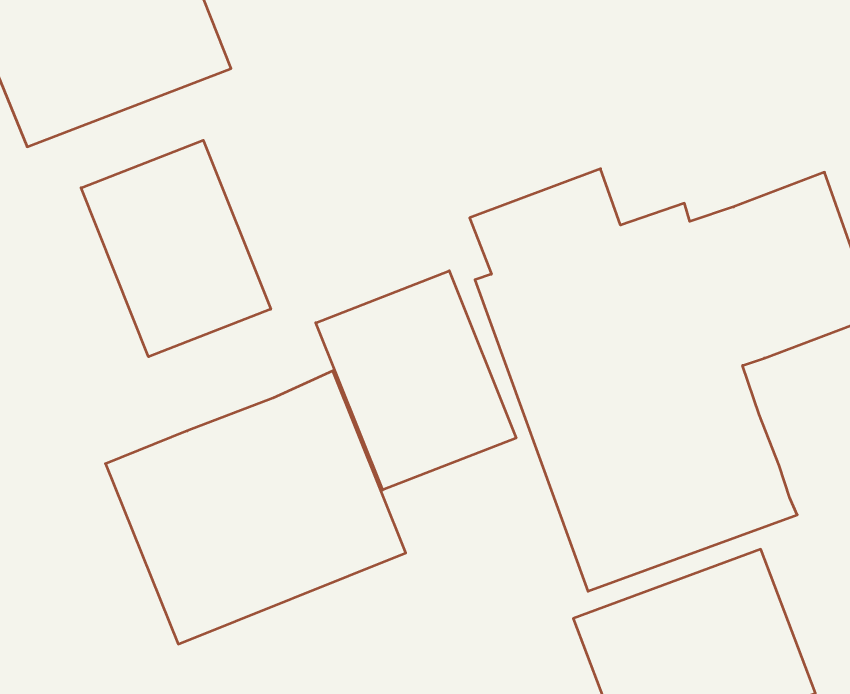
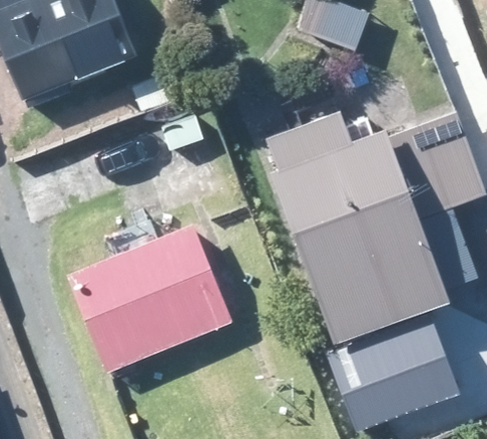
building: [81,140,271,357] -> none
building: [316,271,516,490] -> none

